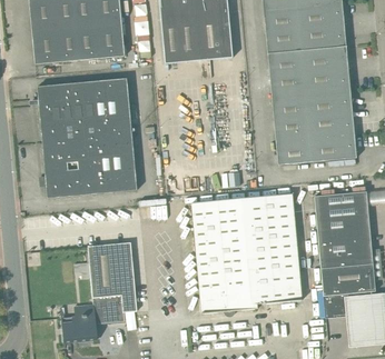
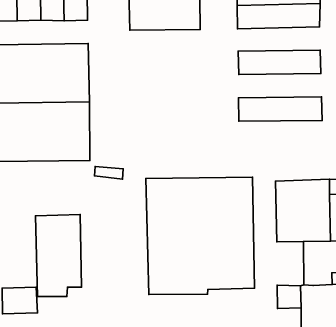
building: [267,46,347,74] -> none
building: [272,90,352,119] -> none
building: [275,134,356,164] -> none
building: [319,251,348,295] -> none

